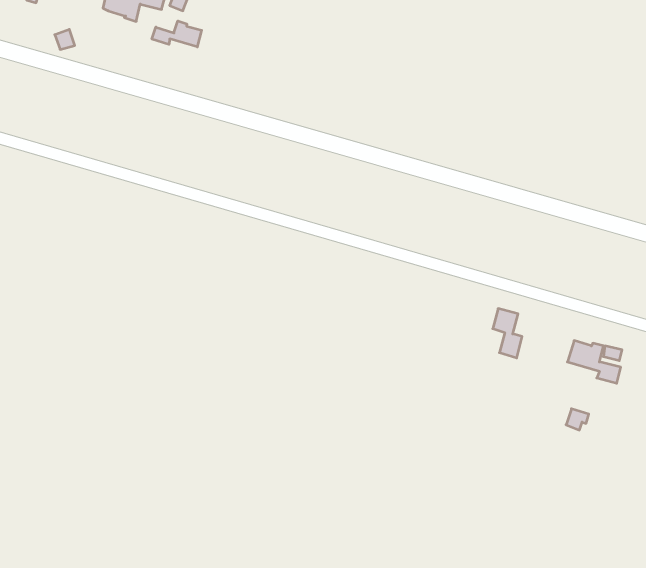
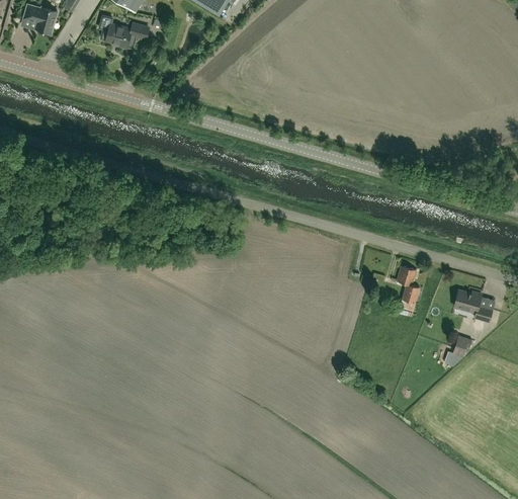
building: [152,21,202,47] -> none

